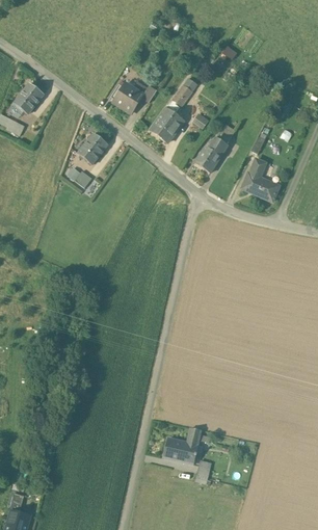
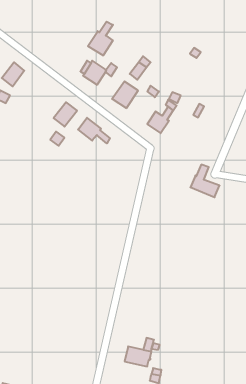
building: none -> [88,22,113,56]
building: none -> [78,118,110,143]
building: [242,159,279,200] -> [190,165,220,197]

